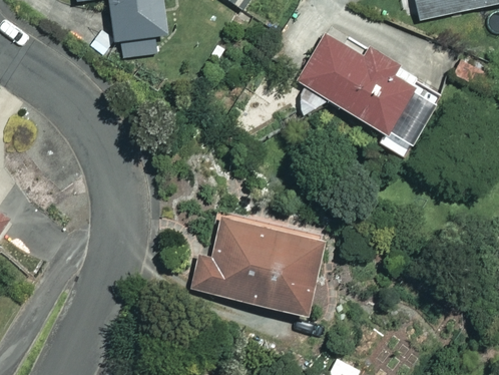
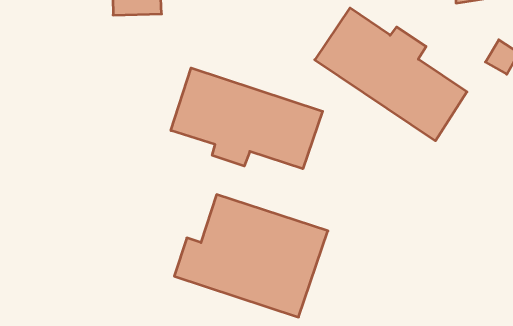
building: none -> [171,68,323,169]

